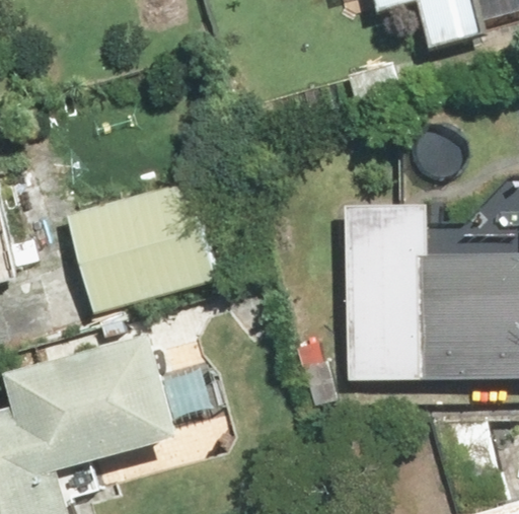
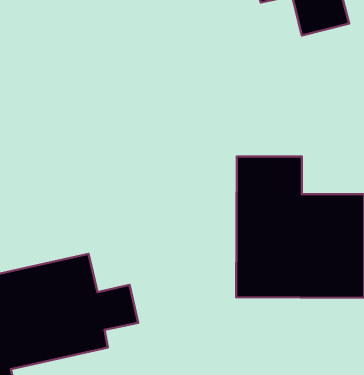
building: [65,175,221,317] -> none

